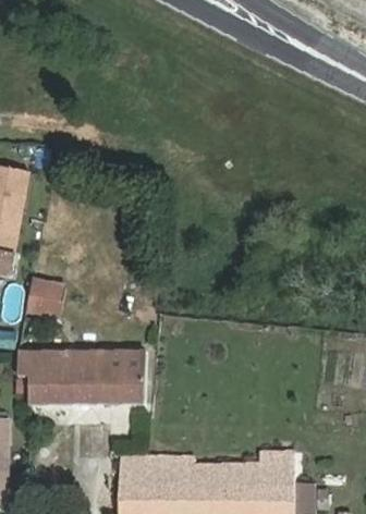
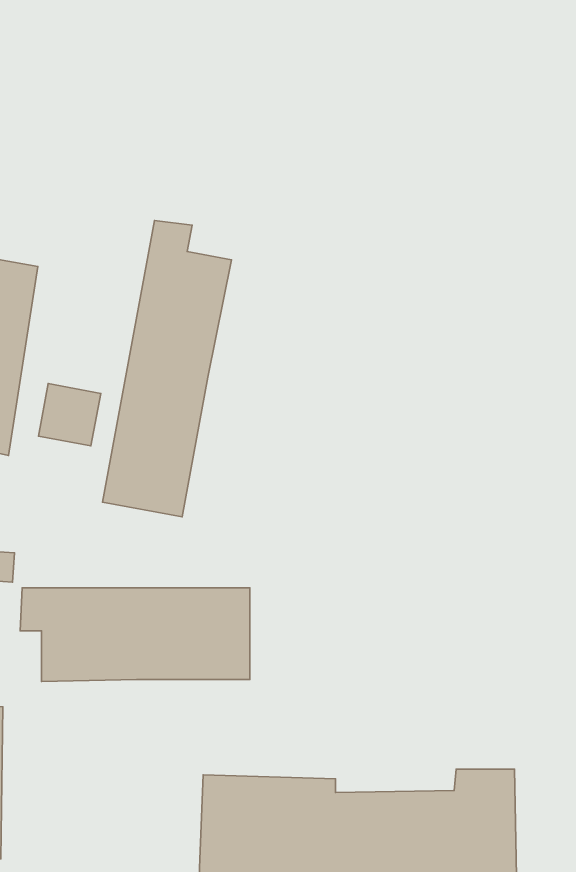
building: none -> [102,221,231,517]
building: [28,280,63,315] -> [38,384,101,446]

